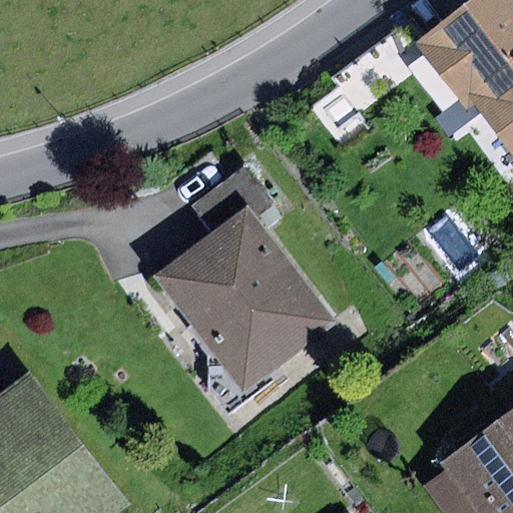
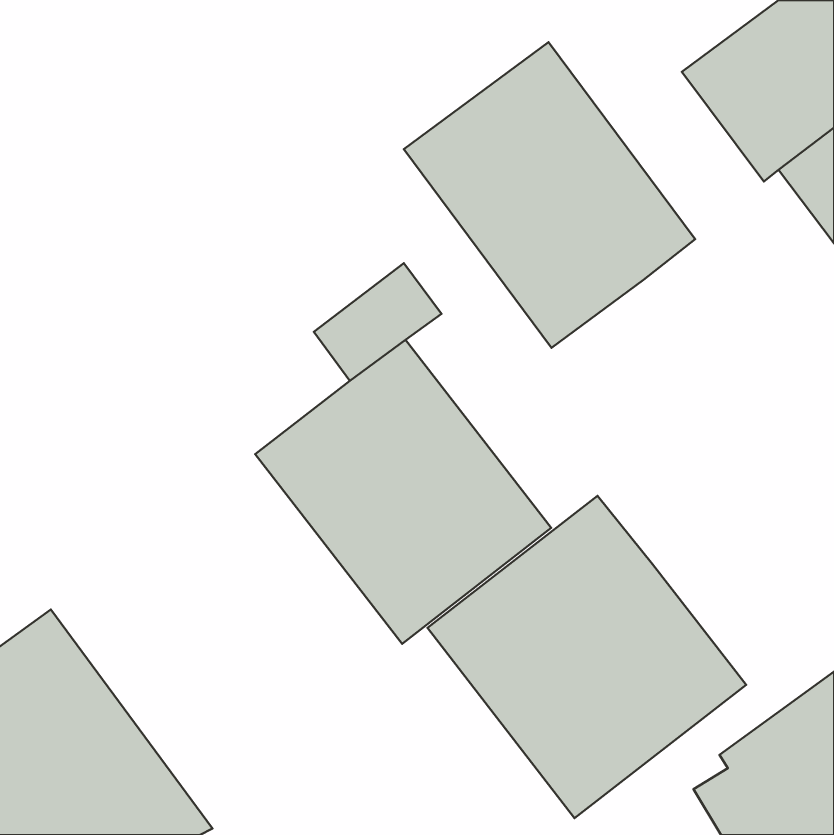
building: none -> [404,42,695,348]
building: none -> [427,496,746,818]

